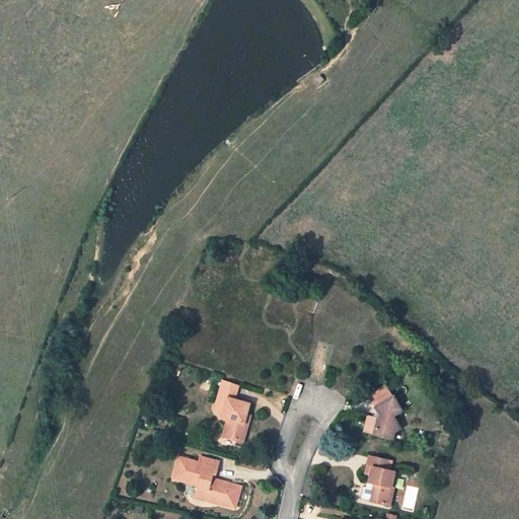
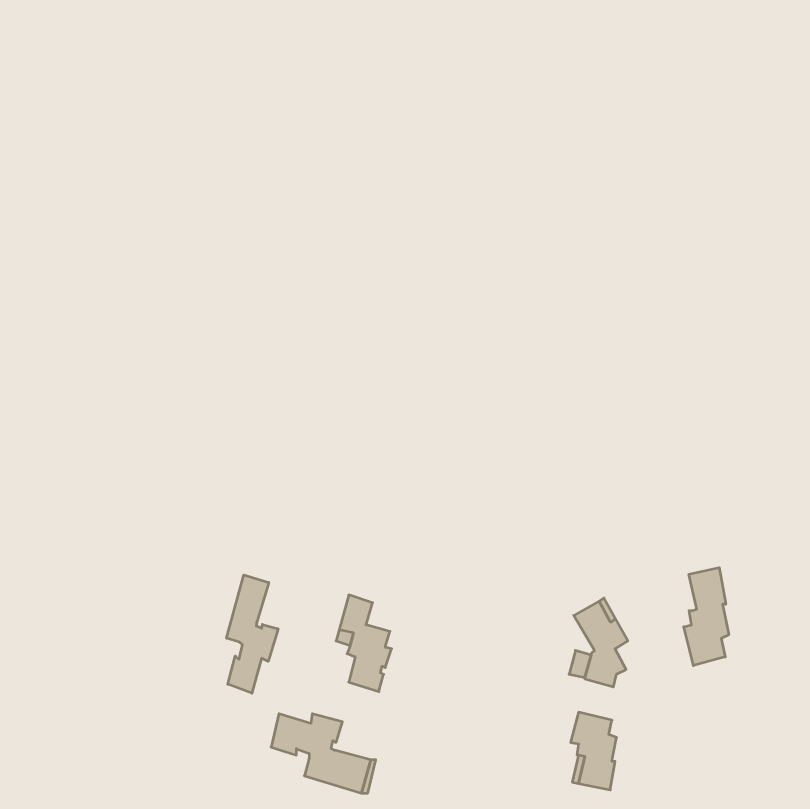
building: none -> [684,568,729,666]
building: none -> [227,575,278,693]

